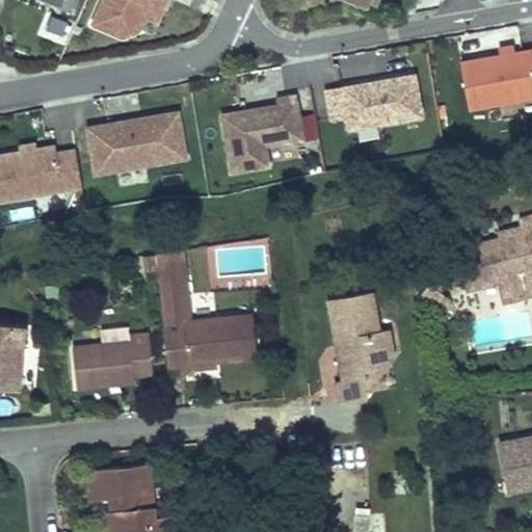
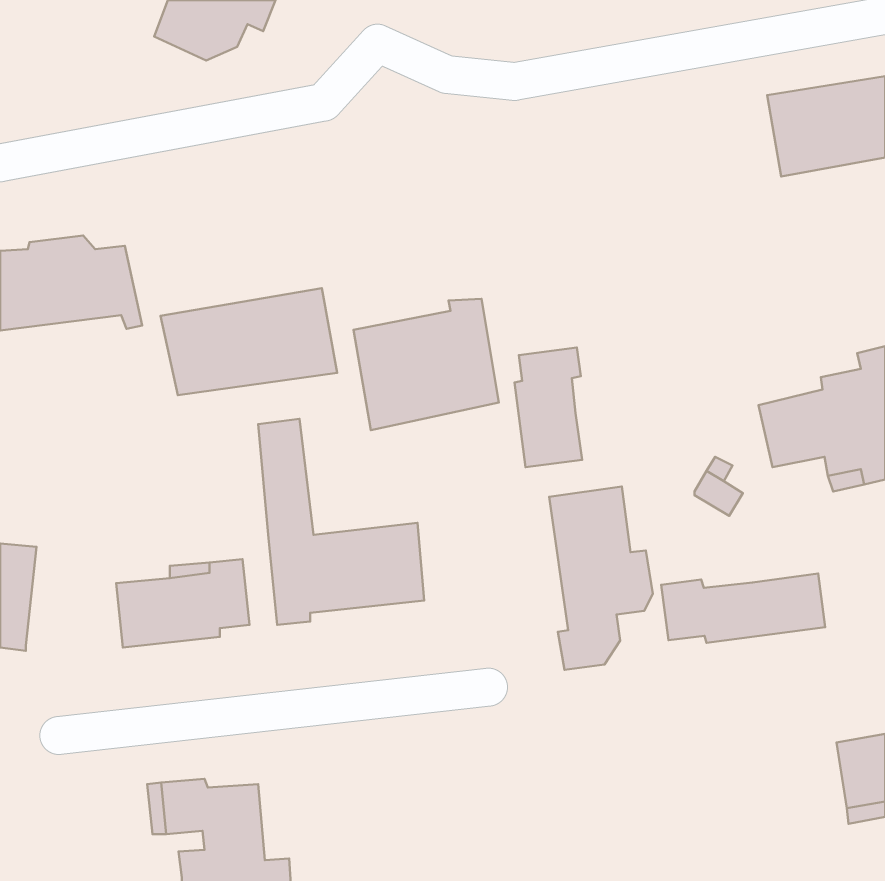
building: [324,73,422,129] -> none
building: [220,95,308,174] -> [353,299,499,430]
building: [84,108,190,172] -> [161,288,337,395]
building: none -> [515,347,582,467]
building: none -> [661,573,825,643]

